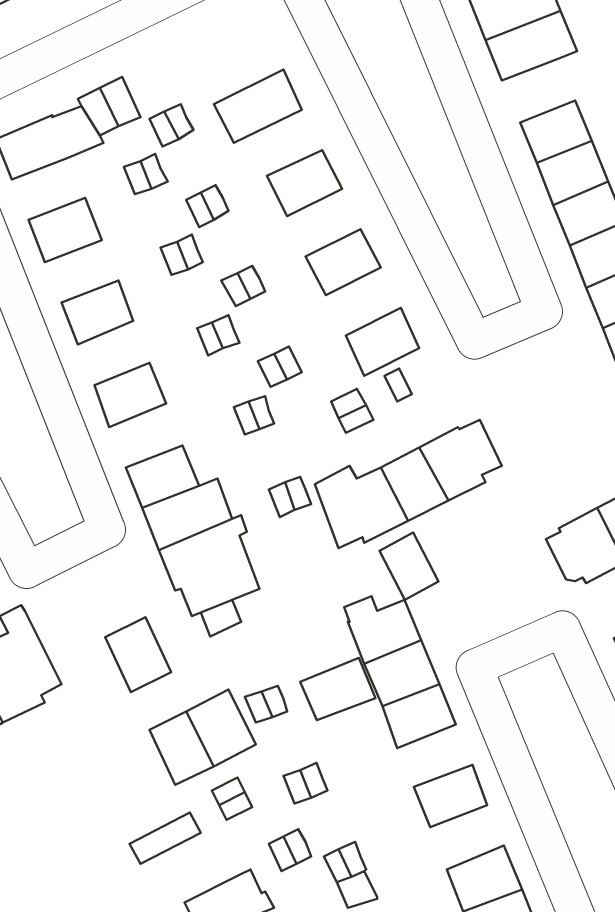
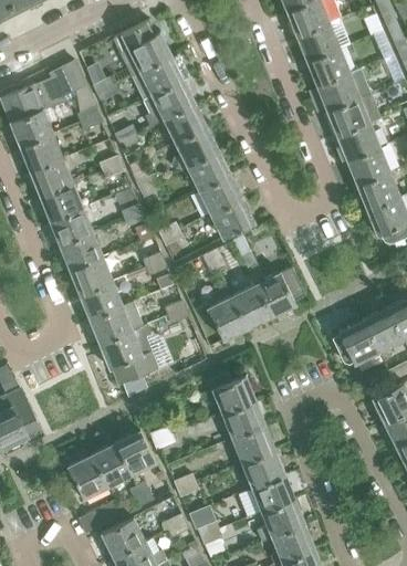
building: none -> [114,21,173,76]
building: none -> [304,49,348,87]
building: none -> [143,80,196,126]
building: none -> [9,108,53,146]
building: none -> [175,127,219,168]
building: none -> [29,158,73,196]
building: none -> [198,175,243,216]
building: none -> [49,207,92,245]
building: none -> [67,256,112,295]
building: [379,533,439,600] -> none
building: [105,617,171,692] -> [67,453,107,499]
building: [300,658,375,720] -> [241,450,286,488]
building: none -> [257,499,305,542]
building: none -> [100,516,146,557]

